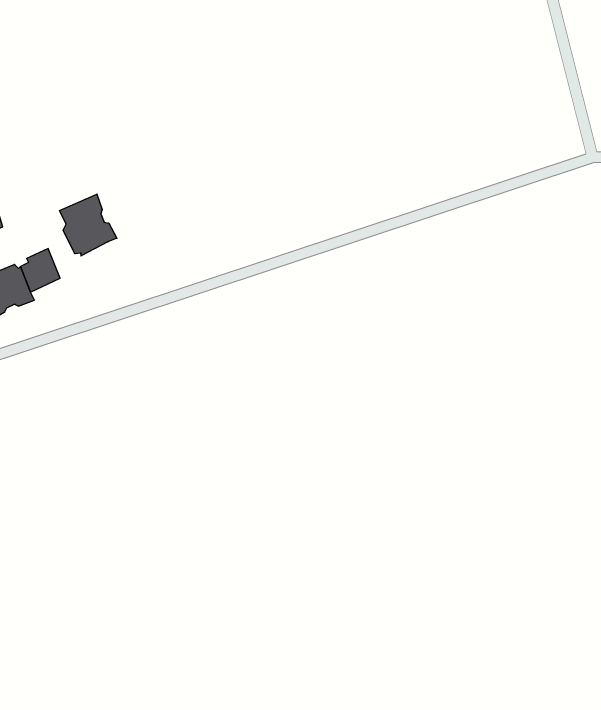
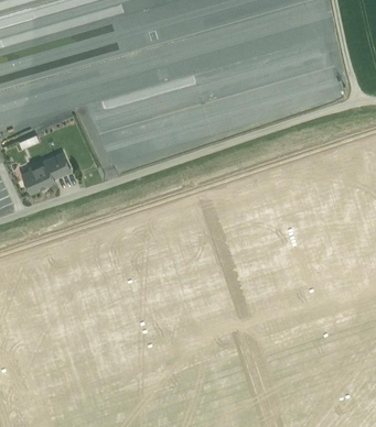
building: [59,194,117,256] -> none

